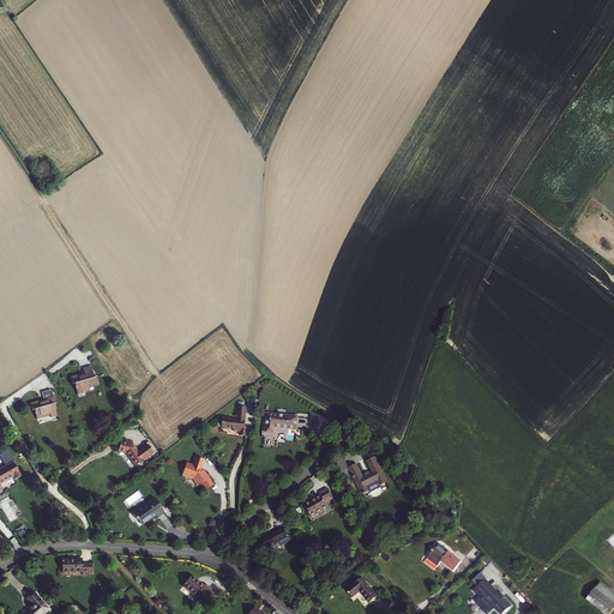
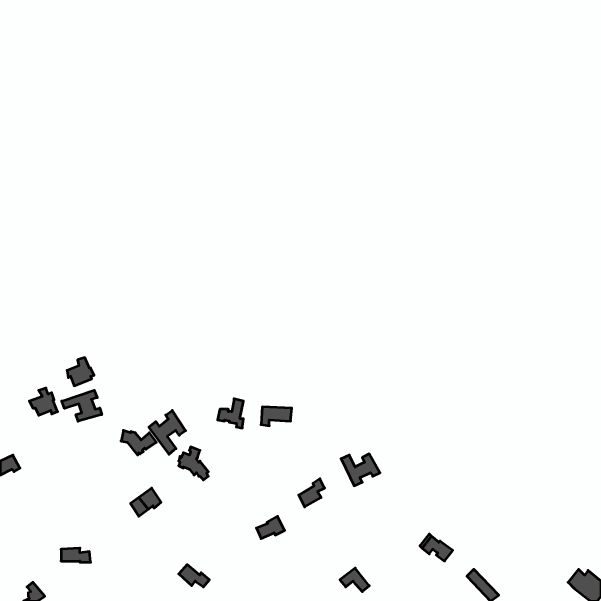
building: none -> [62,390,102,421]
building: none -> [149,410,186,454]

